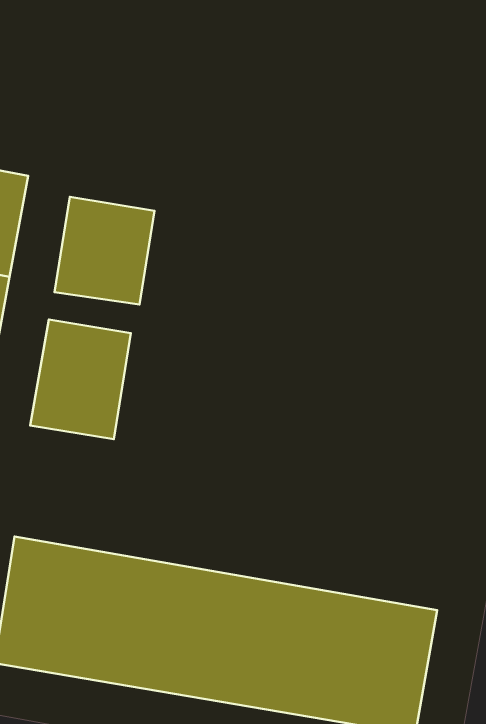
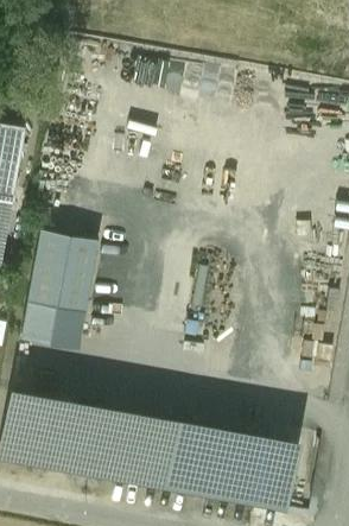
building: [54,197,154,304] -> none
building: none -> [21,303,84,344]

